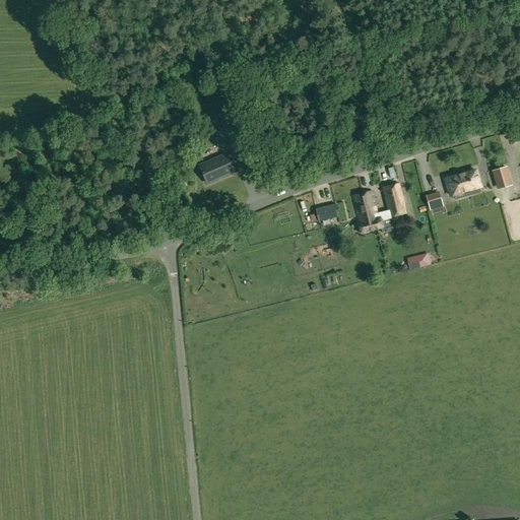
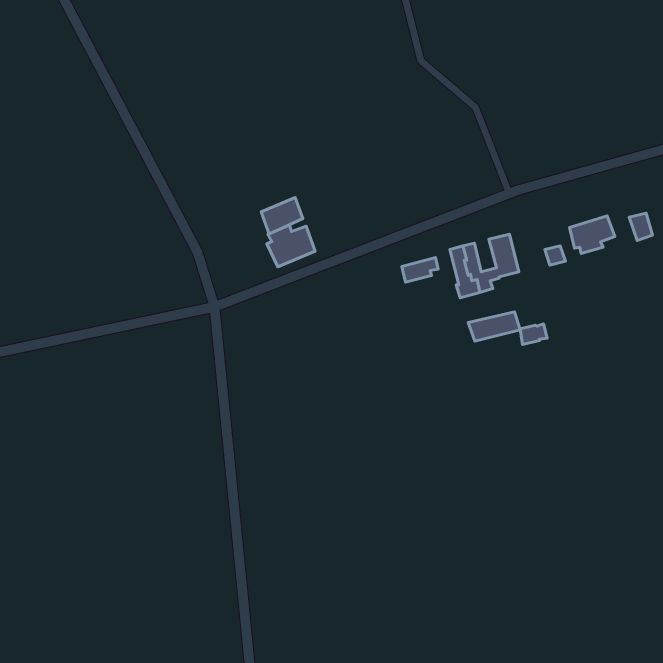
building: none -> [267,225,315,267]
building: none -> [468,312,520,341]

